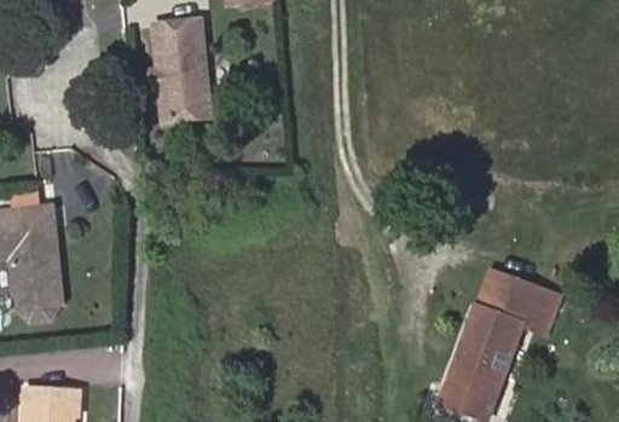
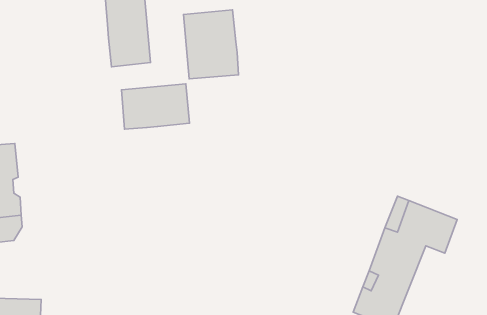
building: none -> [184,10,238,79]
building: none -> [122,84,190,129]

